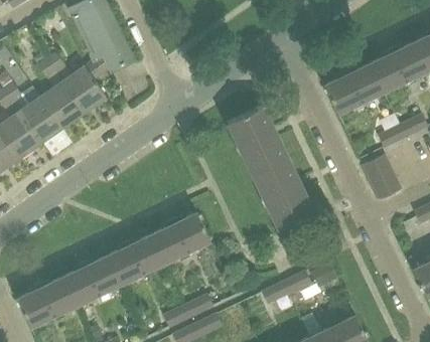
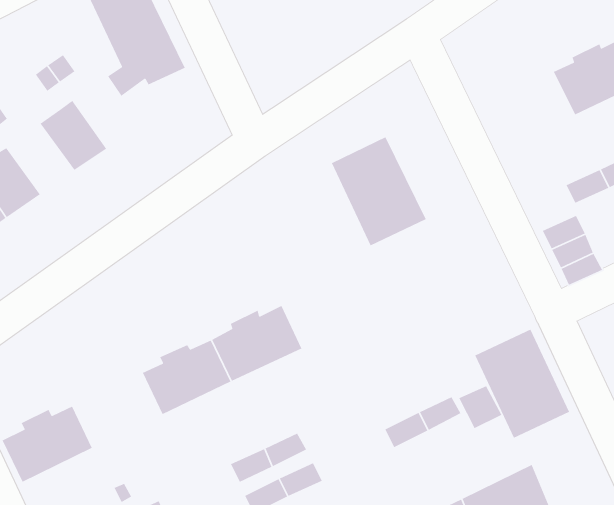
building: [324,63,384,114] -> none
building: [62,66,107,113] -> none
building: [20,97,63,142] -> none
building: [253,158,314,228] -> [474,329,570,439]
building: [62,255,120,304] -> none

